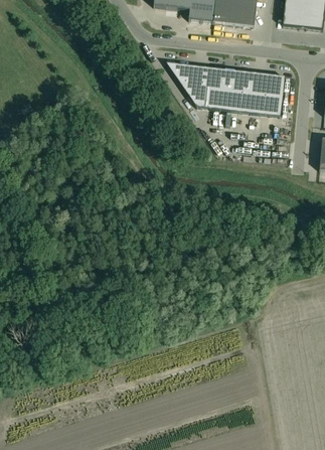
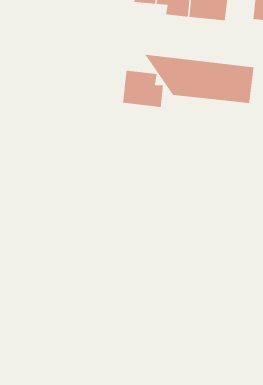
building: none -> [122,70,164,108]

